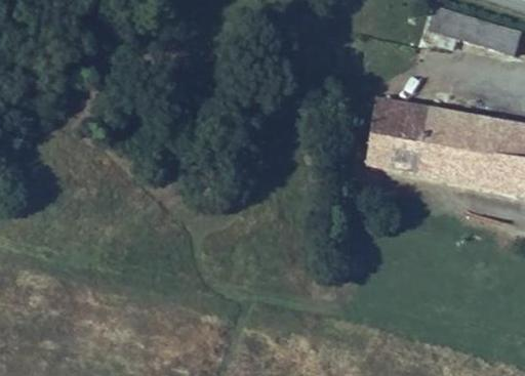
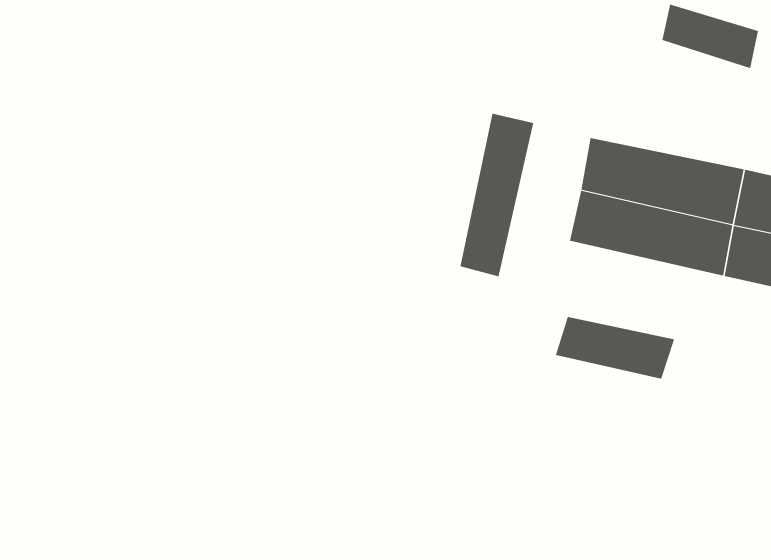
building: none -> [460,113,534,277]
building: none -> [555,316,675,379]

